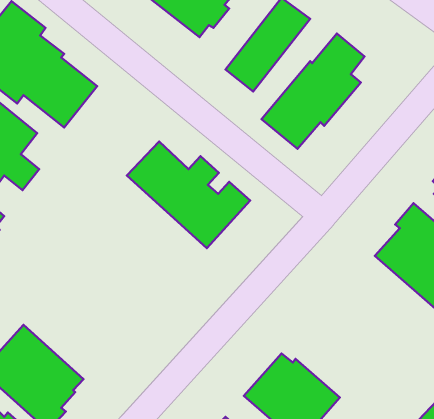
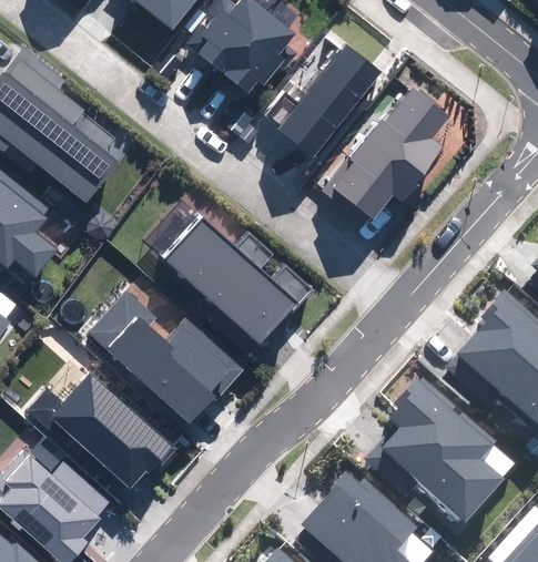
building: none -> [89,293,241,423]
building: none -> [29,374,175,495]
building: none -> [368,380,504,521]

